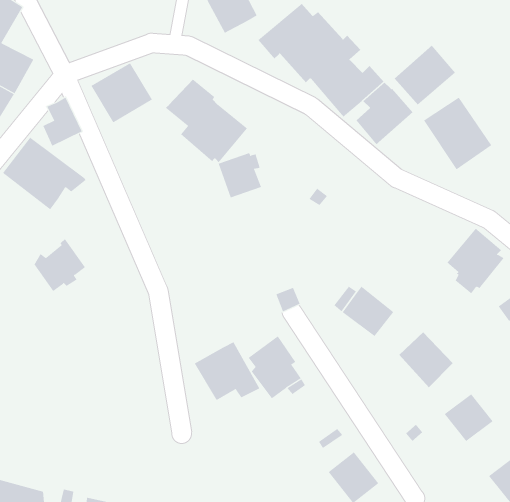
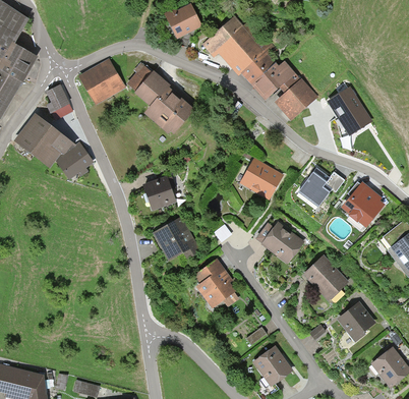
building: [394,45,456,105] -> none
building: none -> [126,60,154,91]
building: [218,153,262,198] -> [142,176,175,210]
building: none -> [241,161,281,197]
building: none -> [298,167,344,208]
building: [33,238,86,292] -> [55,140,94,180]
building: [194,342,260,401] -> [152,217,200,261]

